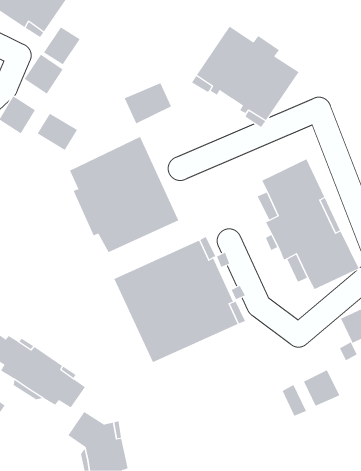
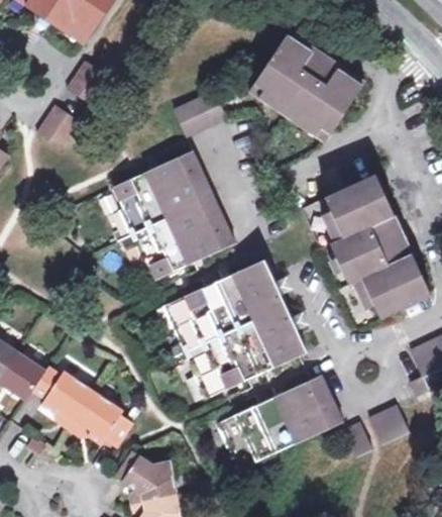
building: [43,26,80,65] -> none
building: [37,113,78,151] -> none
building: none -> [217,374,344,468]

